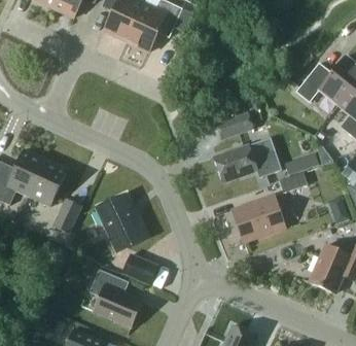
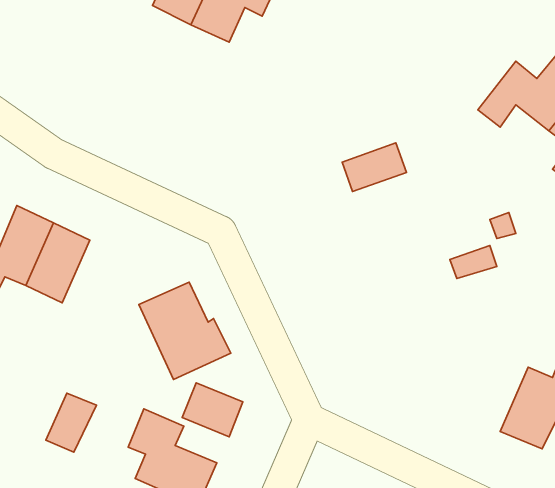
building: [213,137,281,182] -> none
building: [232,196,284,242] -> none
building: [51,199,81,234] -> [46,393,96,452]

